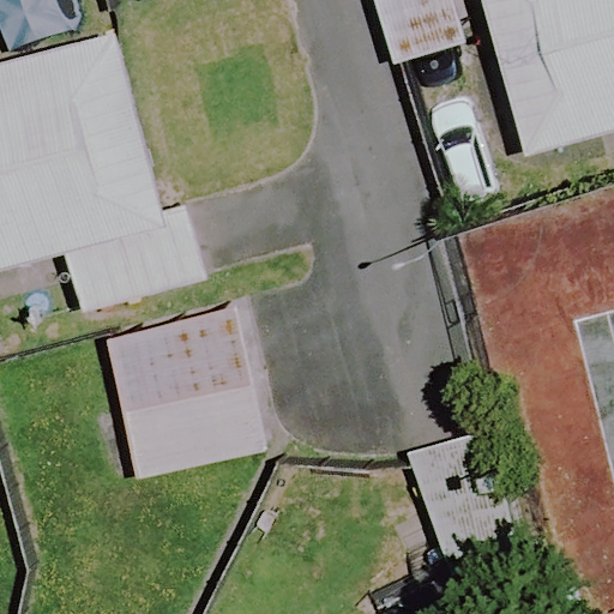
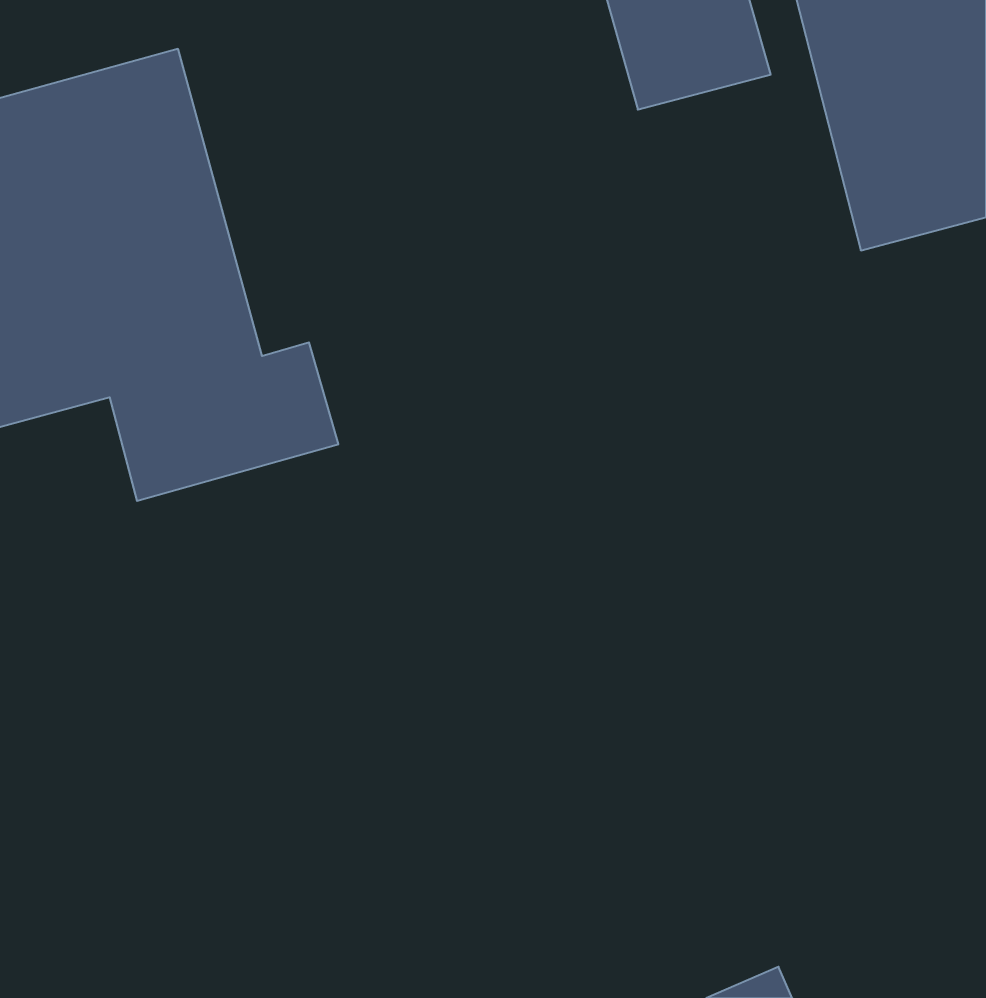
building: [114,314,263,478] -> none

